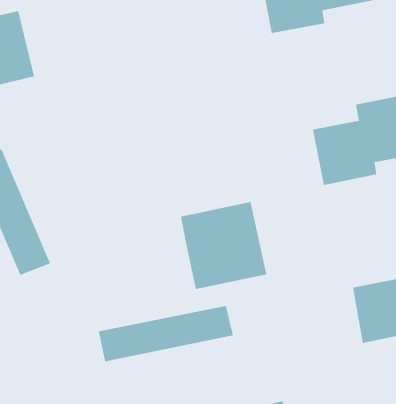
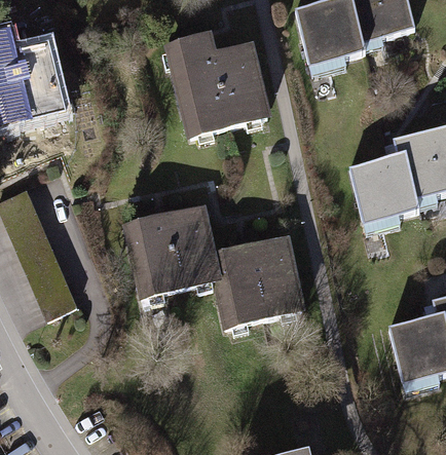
building: none -> [163,35,268,139]
building: none -> [127,204,218,295]
building: [98,305,234,362] -> none

